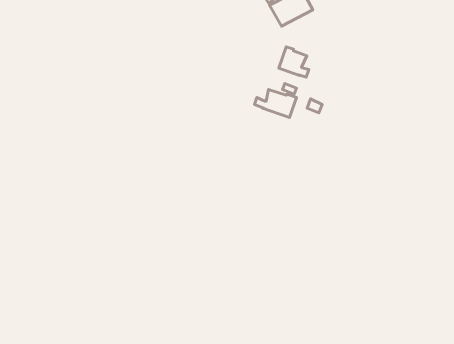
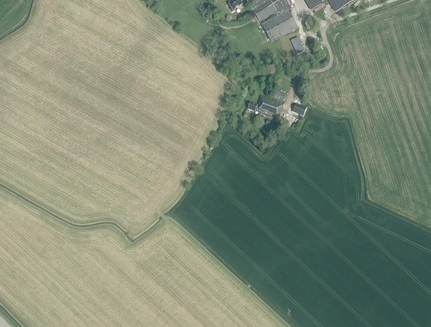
building: [279,47,309,77] -> none

